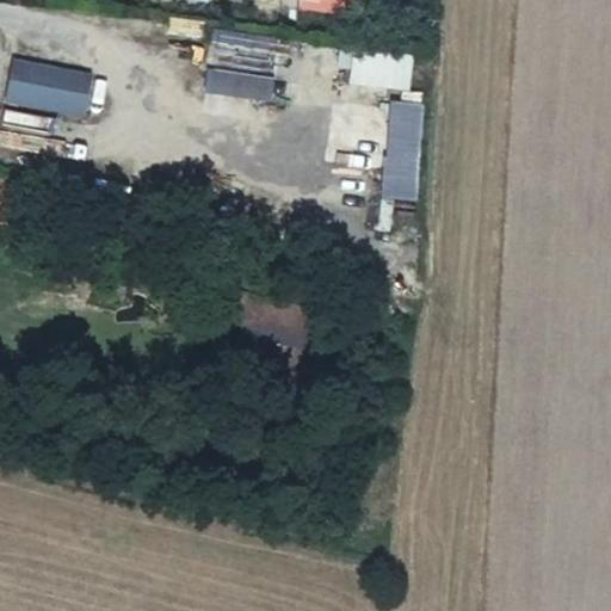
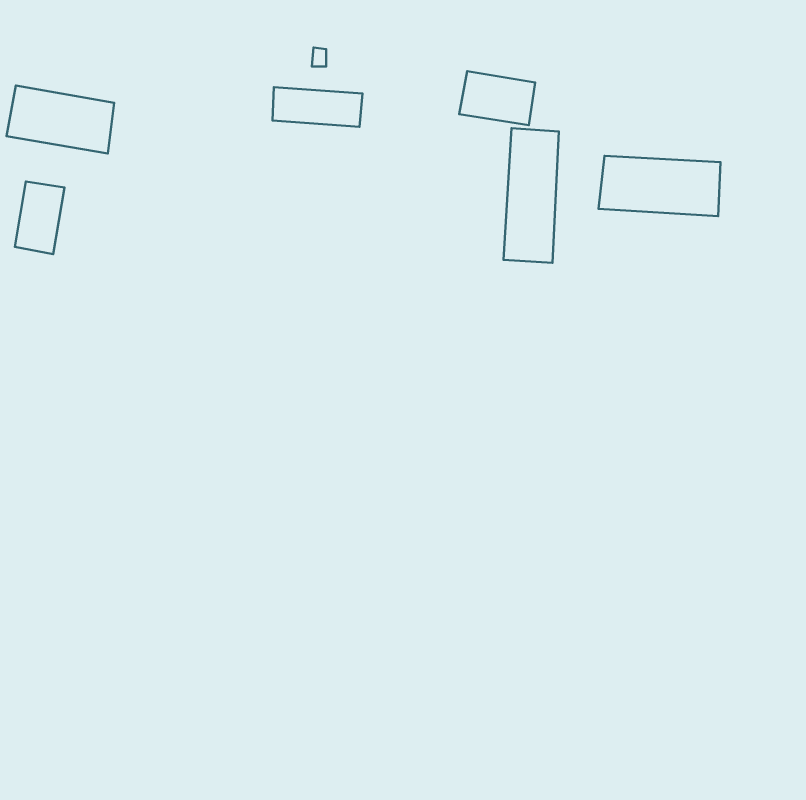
building: none -> [598,156,721,216]
building: none -> [15,181,65,254]

